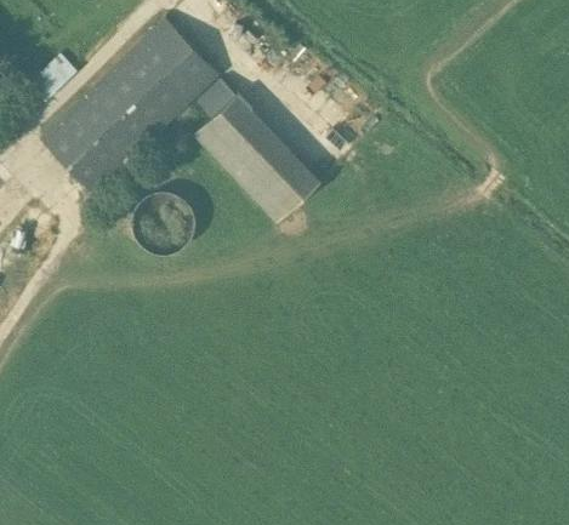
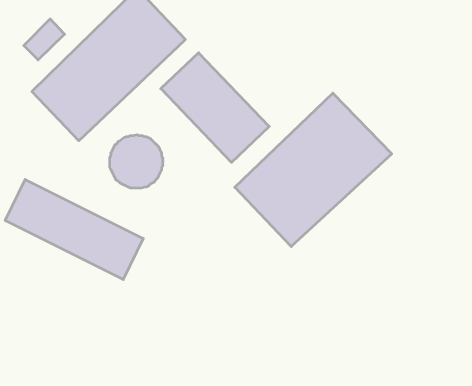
building: none -> [235,93,392,247]
building: none -> [5,179,143,280]

